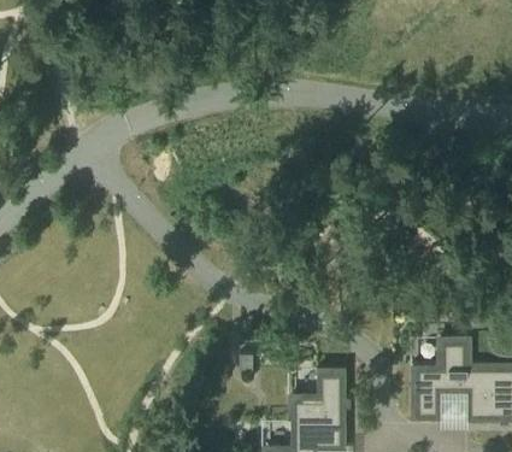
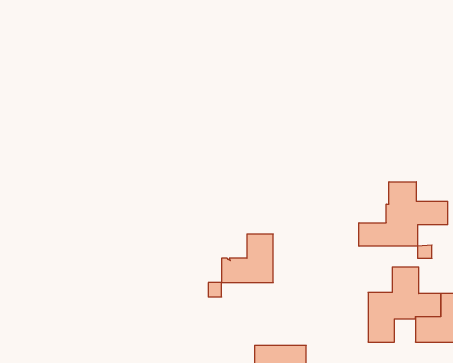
building: none -> [359,182,448,246]
building: [289,370,346,423] -> [222,234,273,283]

